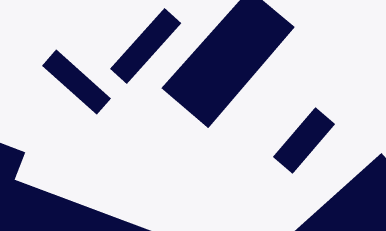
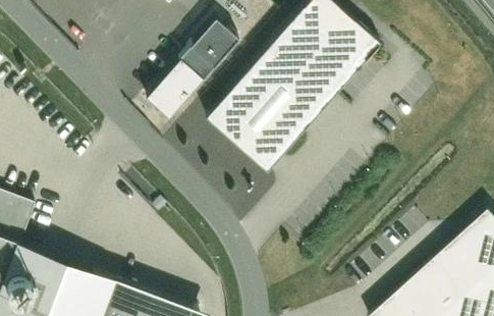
building: [41,49,112,116] -> none
building: [272,106,336,175] -> none

